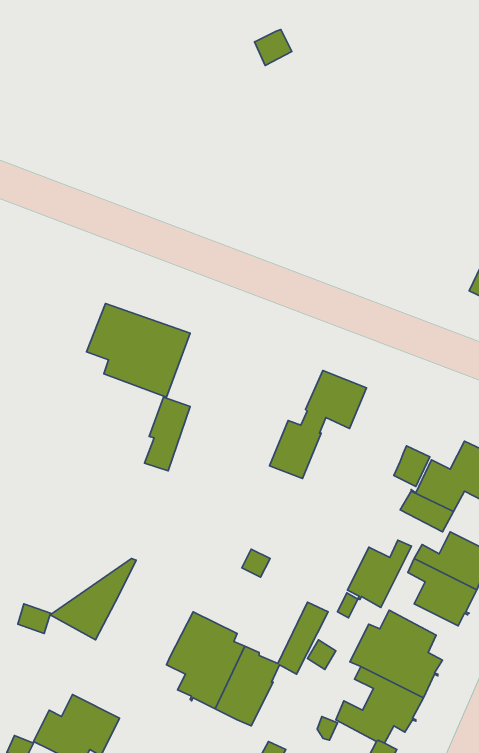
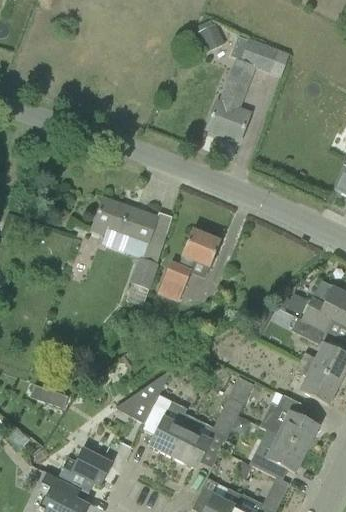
building: none -> [207,38,290,141]
building: [269,370,367,478] -> [159,230,221,299]
building: [347,540,412,608] -> none
building: [50,559,136,640] -> [116,372,171,424]

